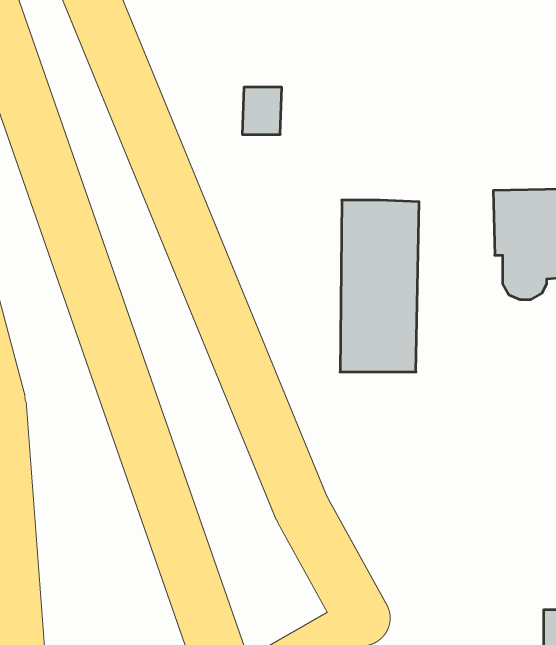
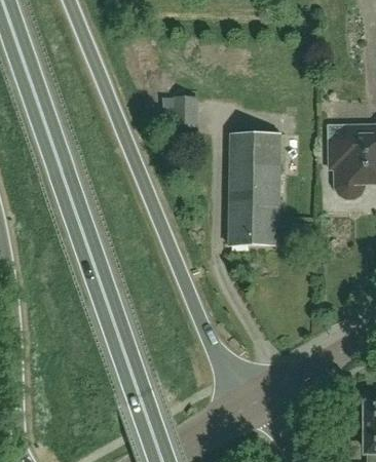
building: [242,87,282,134] -> [172,97,197,127]

